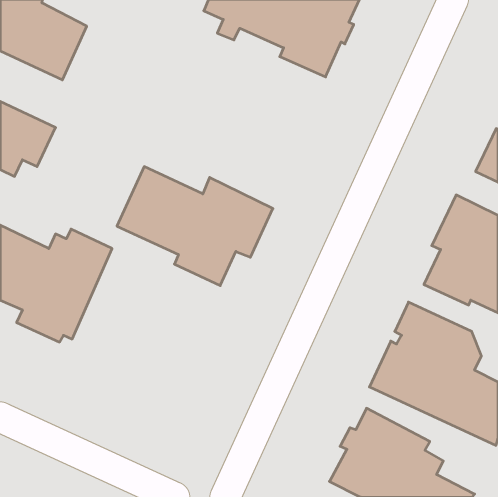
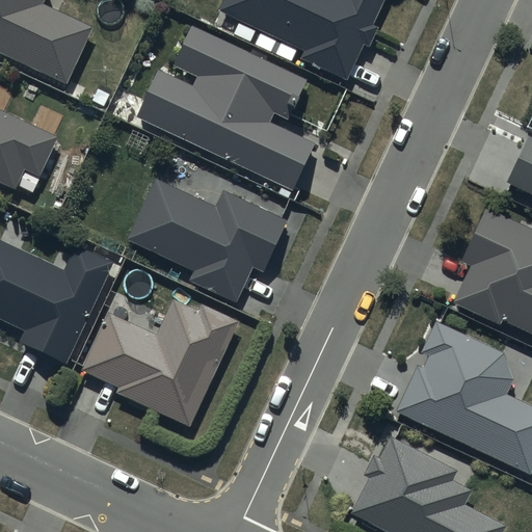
building: none -> [128,24,317,192]
building: none -> [81,299,238,428]

